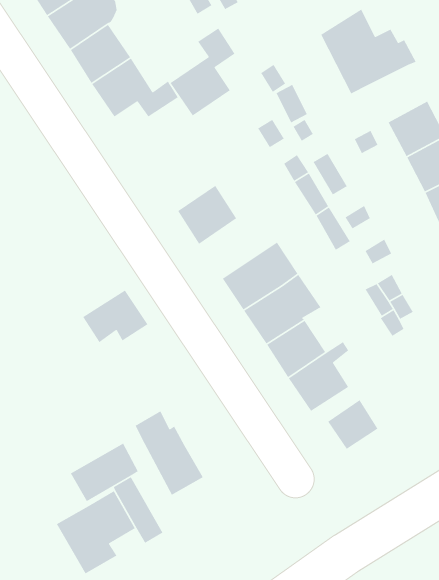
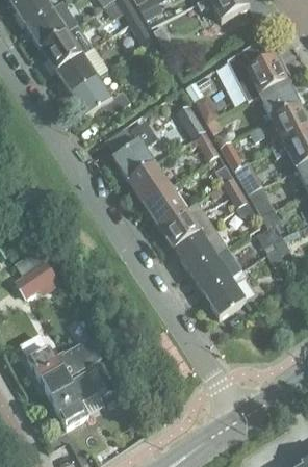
building: [169,28,235,117] -> [112,120,157,180]
building: none -> [258,81,298,120]
building: none -> [143,180,196,226]
building: [82,289,148,343] -> [15,260,59,296]
building: [327,399,378,450] -> none
building: [135,410,204,496] -> [21,334,68,392]

